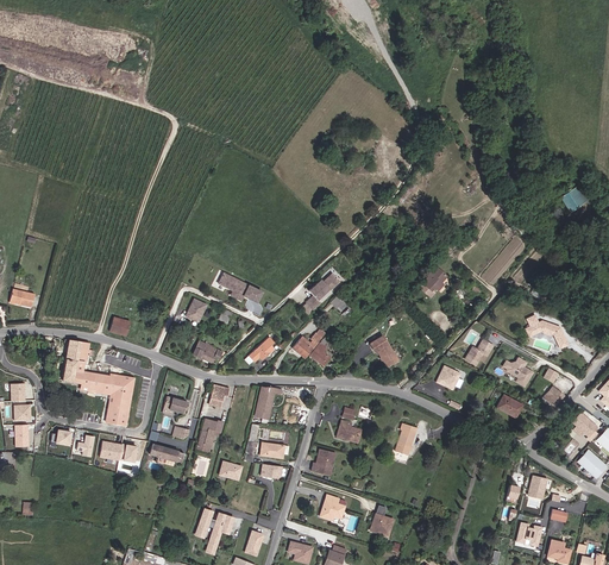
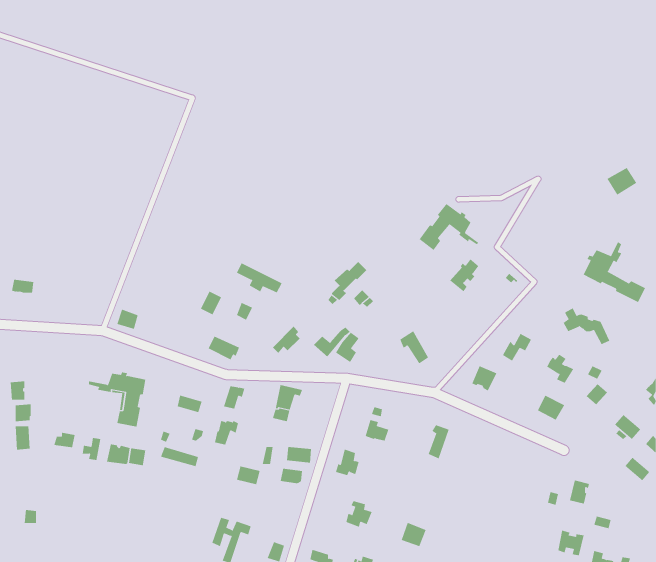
building: none -> [419,203,480,251]
building: none -> [583,241,646,303]
building: [63,339,103,387] -> none

